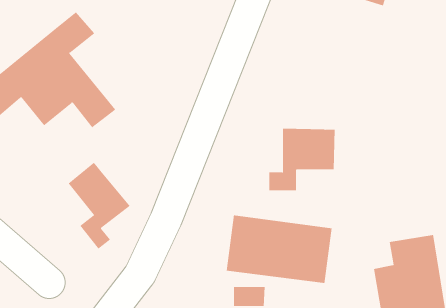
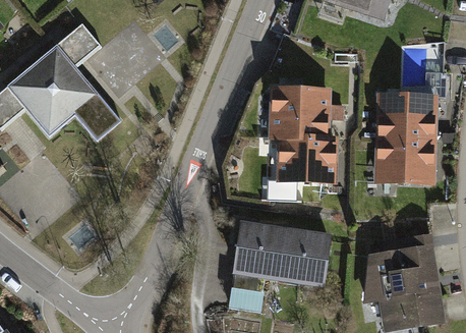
building: none -> [271,87,324,137]
building: none -> [372,93,432,181]
building: [68,162,130,249] -> none

